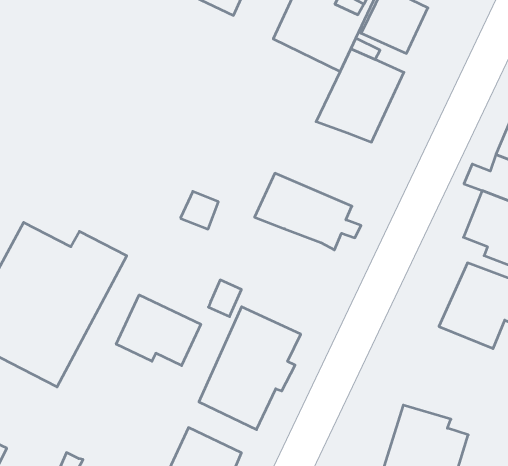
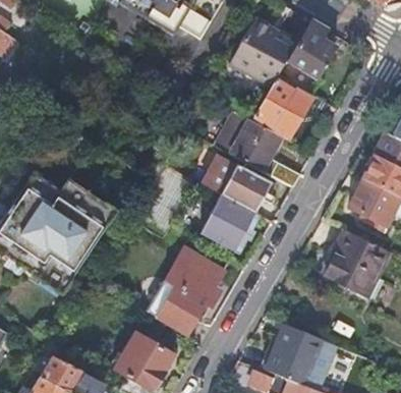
building: none -> [214,112,299,187]
building: none -> [199,193,257,252]
building: [116,295,201,366] -> none

